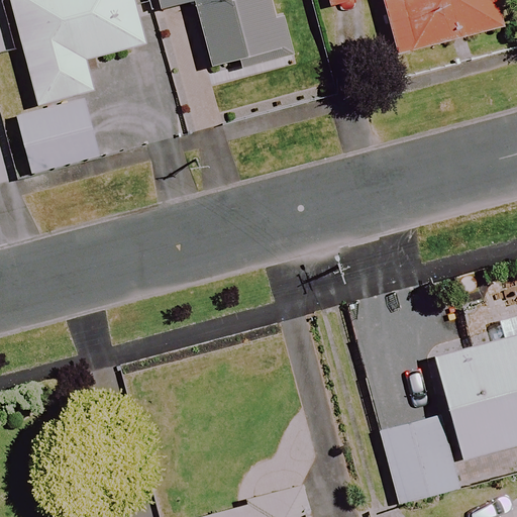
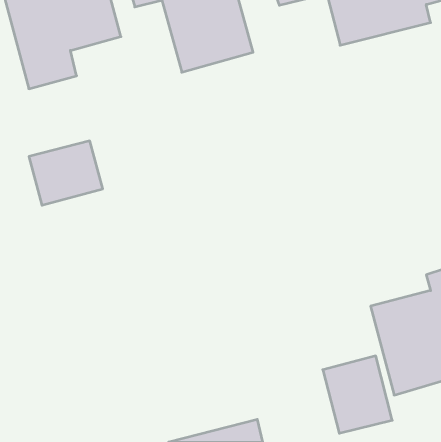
building: [15,99,101,174] -> [29,141,103,205]

